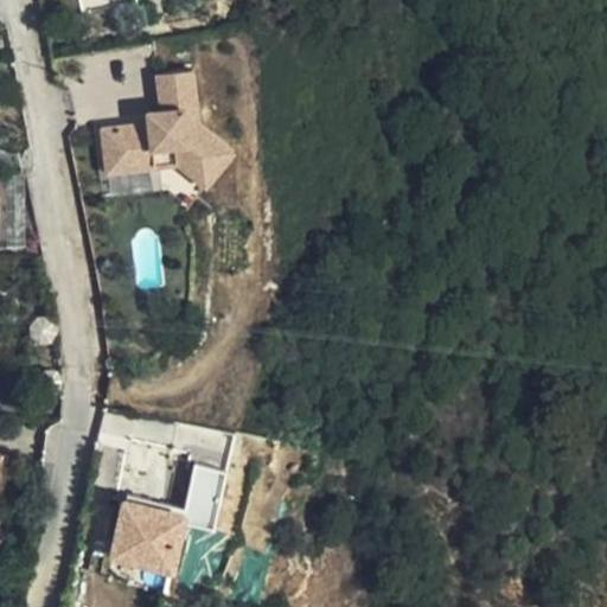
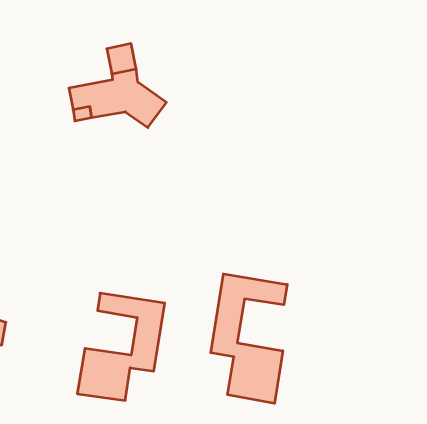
building: none -> [211,274,287,403]

